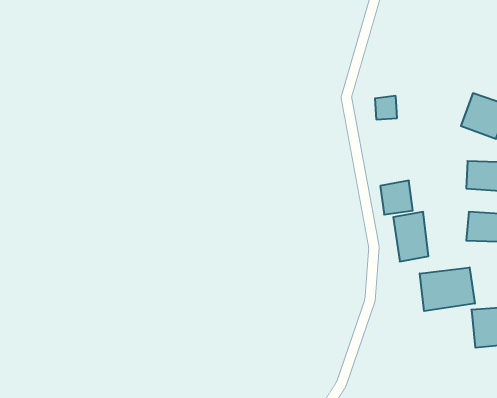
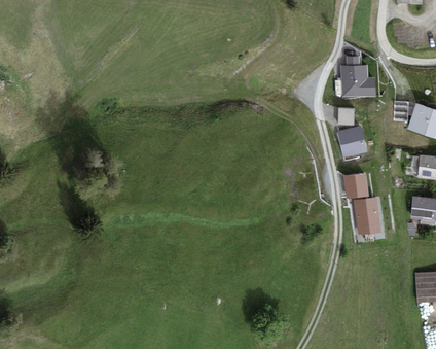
building: none -> [340,57,375,98]
building: none -> [337,127,367,159]
building: [420,267,475,311] -> none

